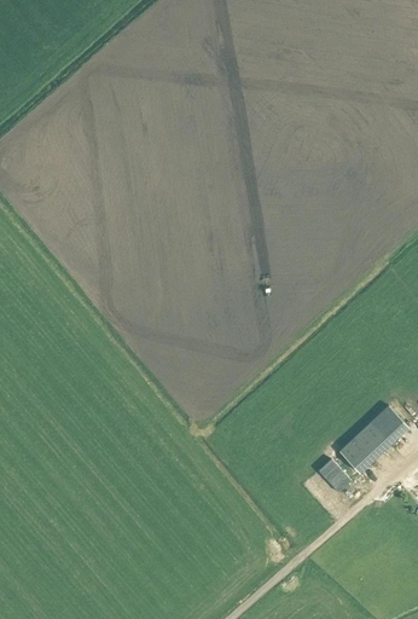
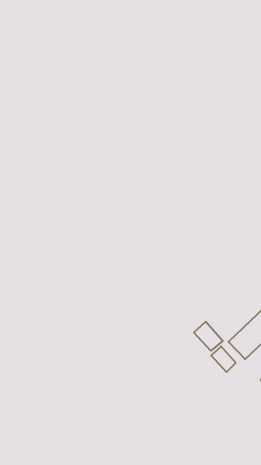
building: none -> [194,322,223,351]

